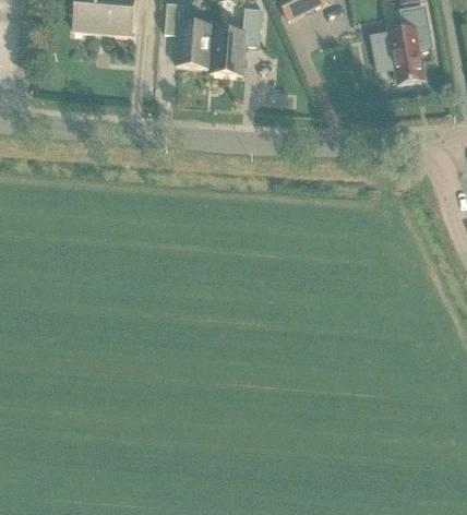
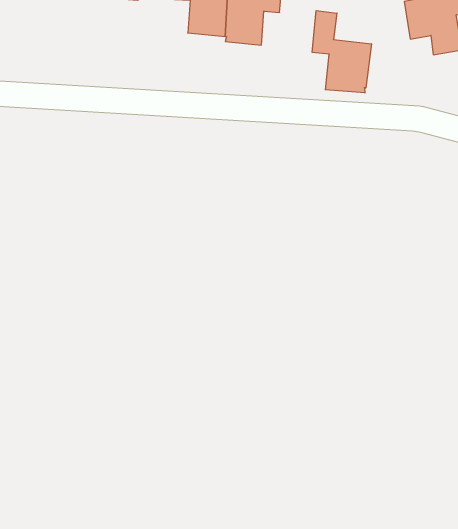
building: none -> [312,11,371,93]

